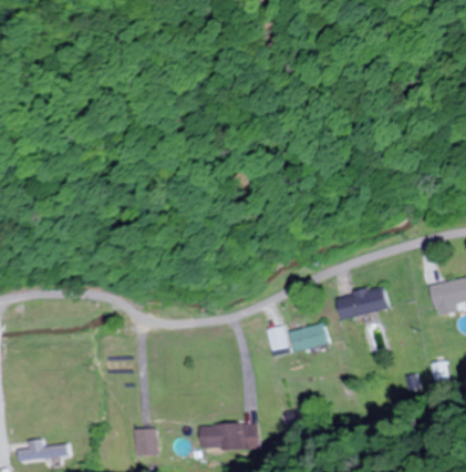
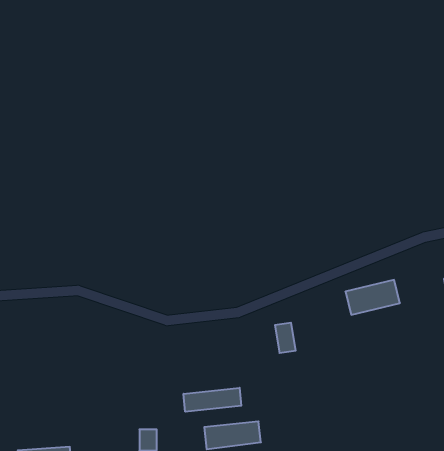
building: [288,324,329,352] -> none
building: none -> [184,388,241,412]

